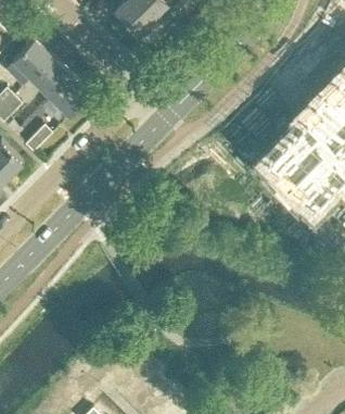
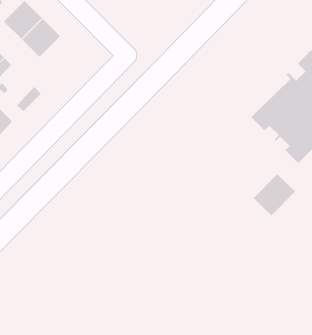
building: [48,78,89,120] -> none
building: none -> [253,174,296,216]

